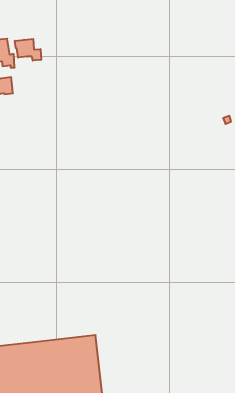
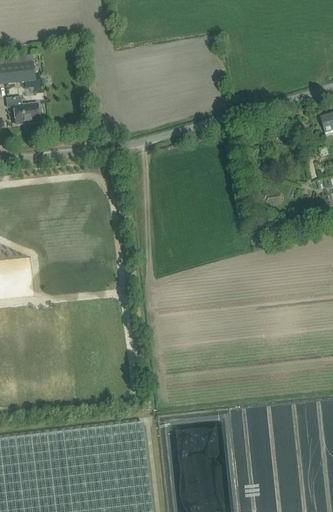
building: [15,39,41,61] -> none

